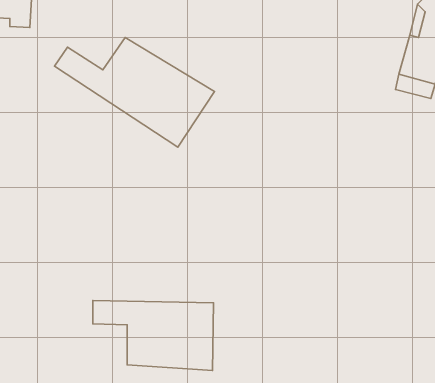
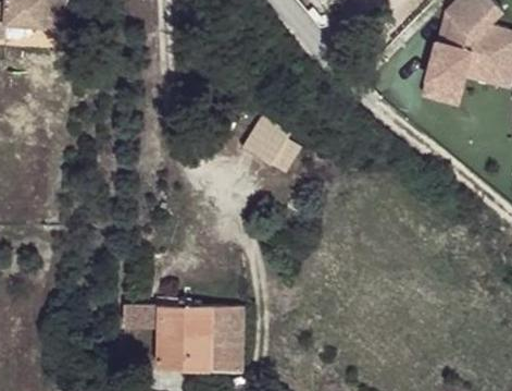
building: [54,37,215,147] -> none
building: none -> [240,115,289,167]

